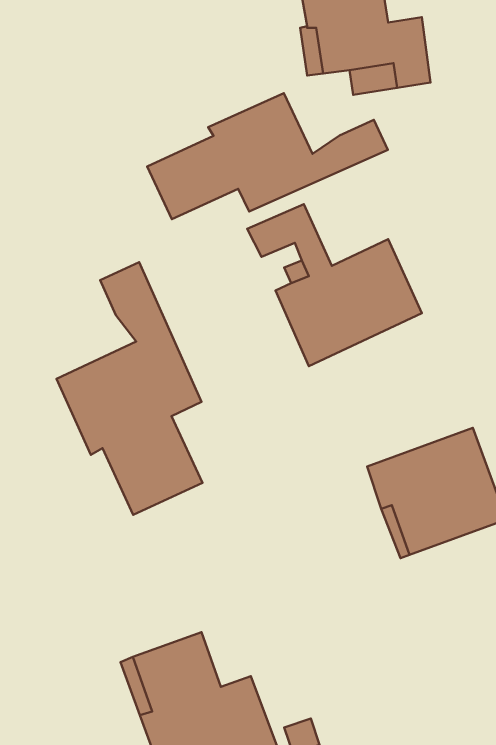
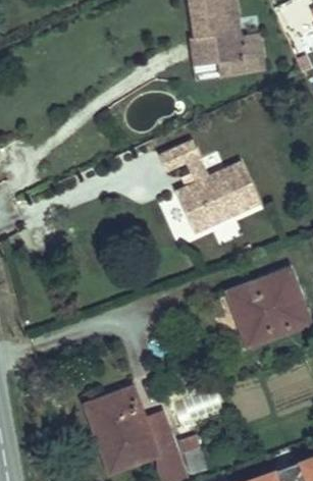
building: [147,93,388,219] -> none
building: [57,262,202,515] -> none

